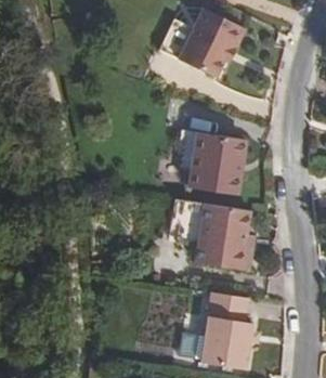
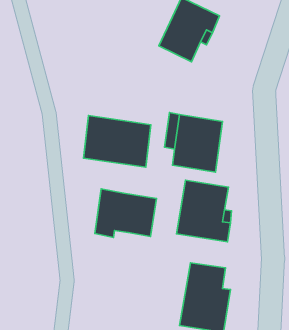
building: none -> [84,116,151,167]
building: none -> [95,189,156,237]

